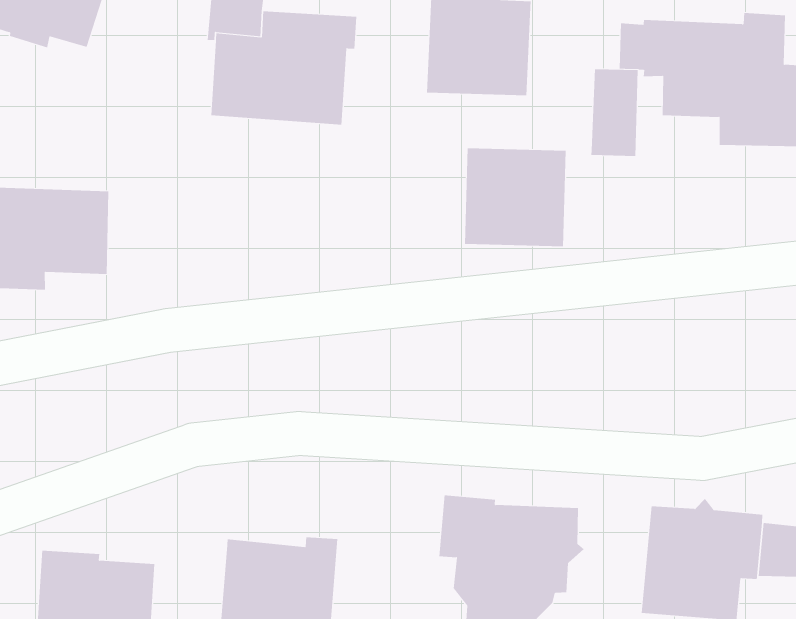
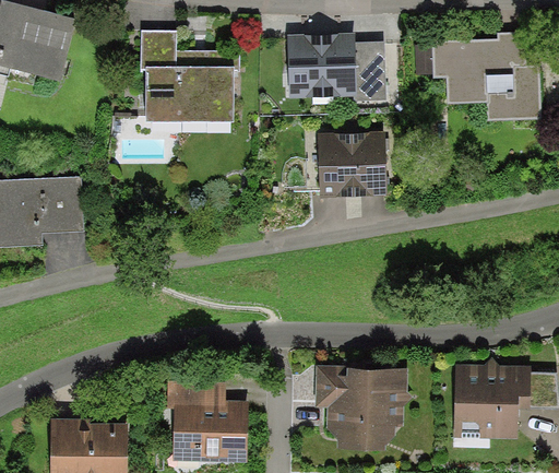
building: [591,69,638,156] -> [355,40,386,99]
building: none -> [167,380,226,409]

